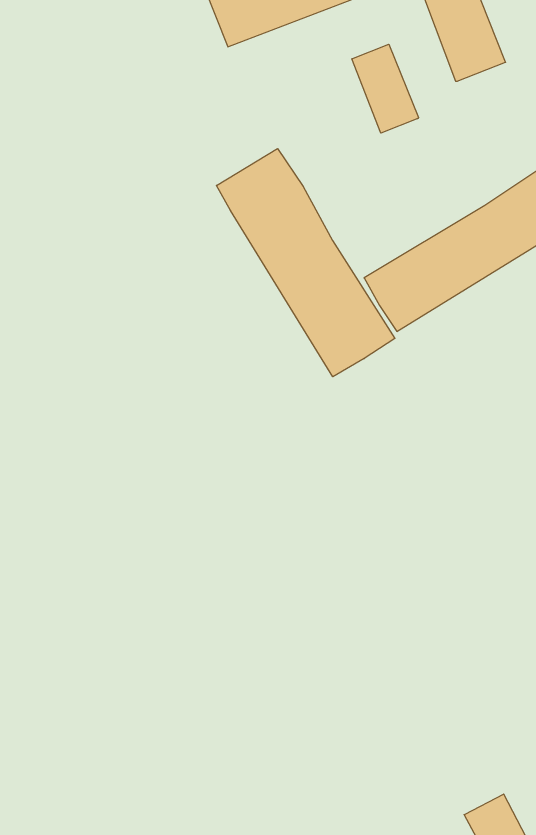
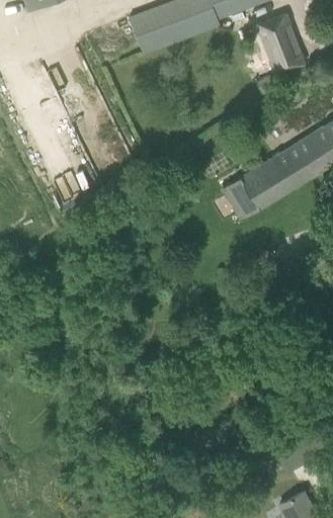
building: [352,44,419,133] -> none
building: [216,149,395,377] -> none

